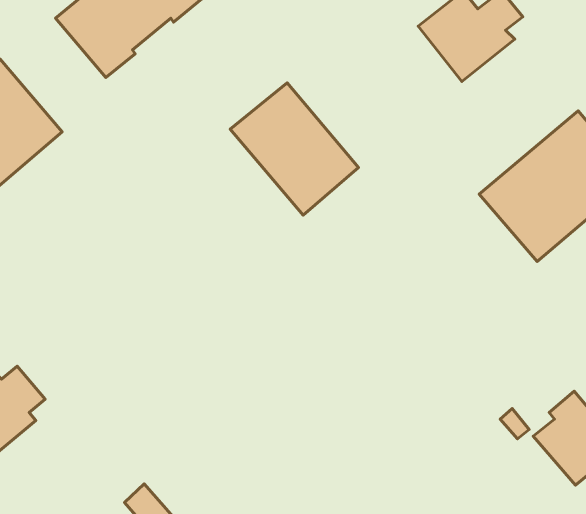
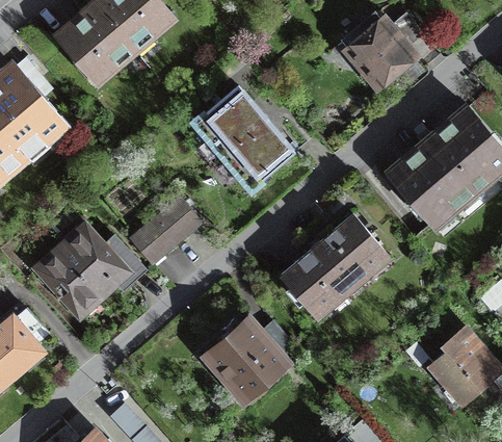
building: none -> [132,199,201,263]
building: none -> [280,214,386,315]
building: none -> [37,227,143,315]
building: none -> [207,321,290,399]

